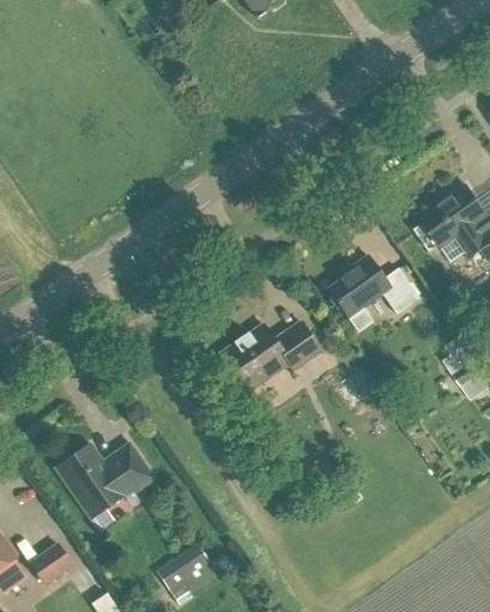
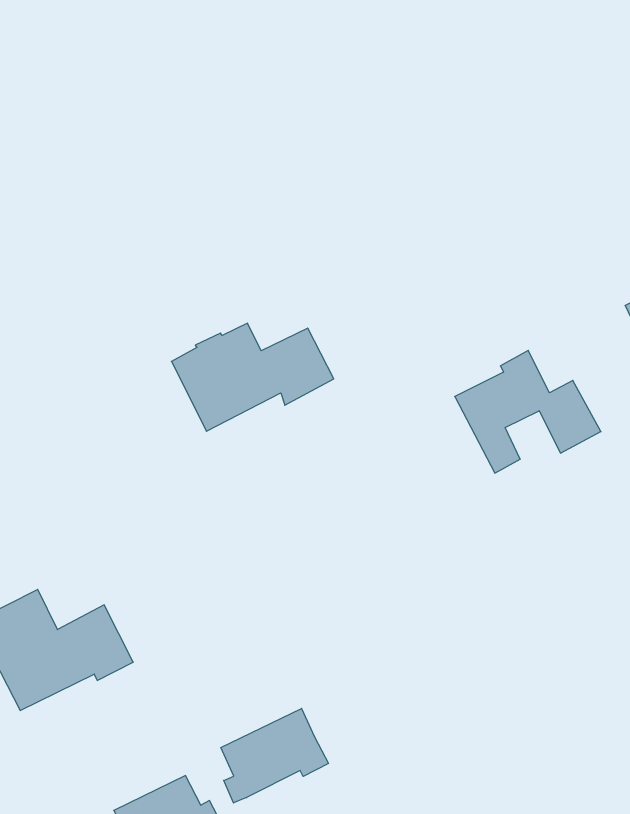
building: [220,322,320,393] -> [171,323,334,431]
building: none -> [221,708,328,803]

